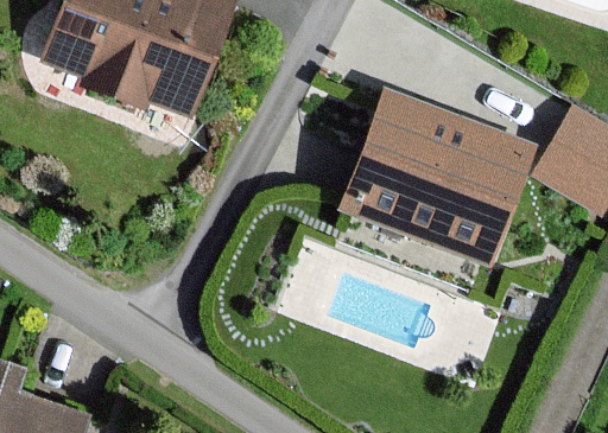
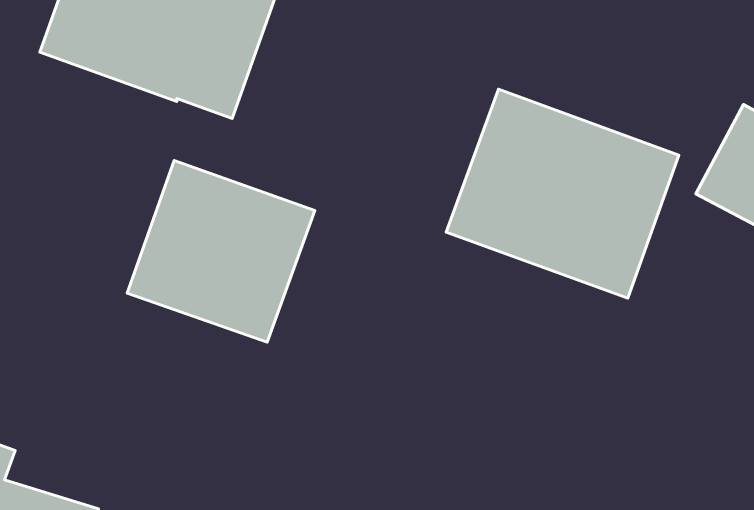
building: none -> [127,161,315,342]

